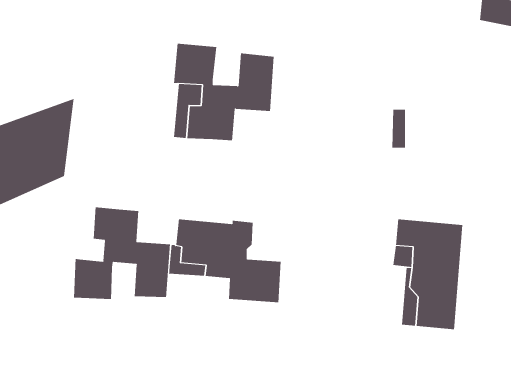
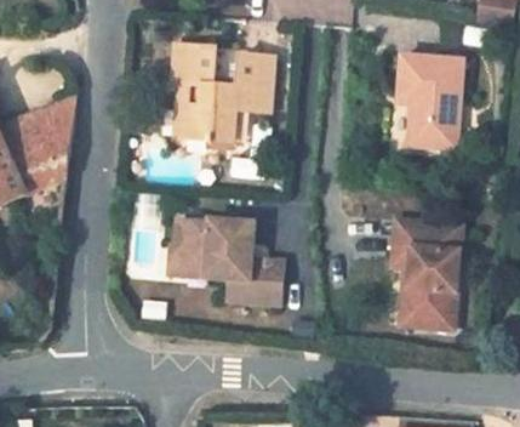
building: none -> [398,55,463,150]
building: [73,207,170,300] -> none

